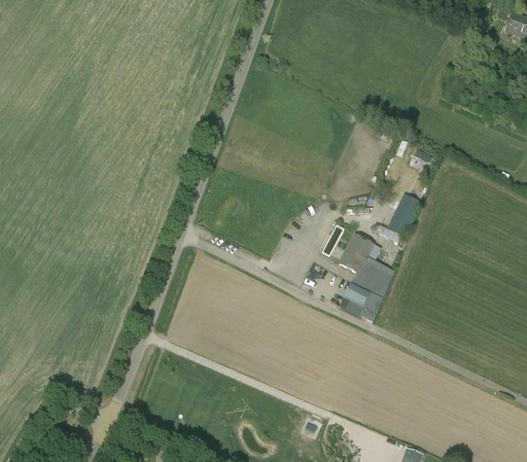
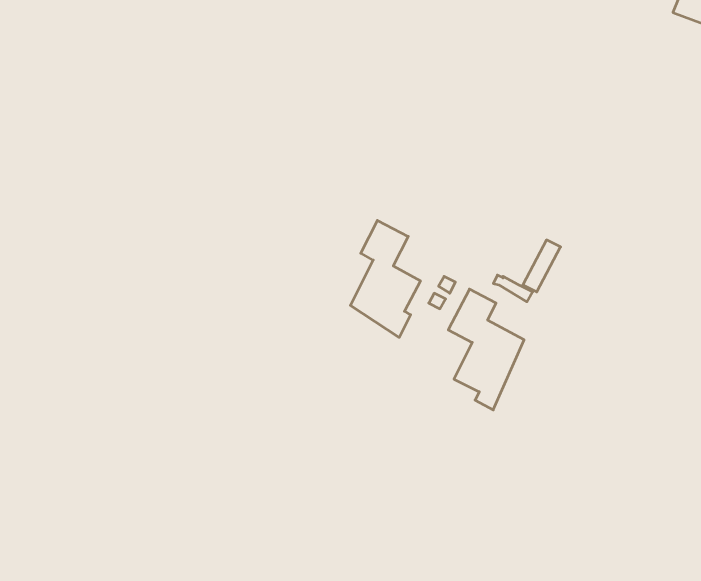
building: none -> [350,220,420,337]

